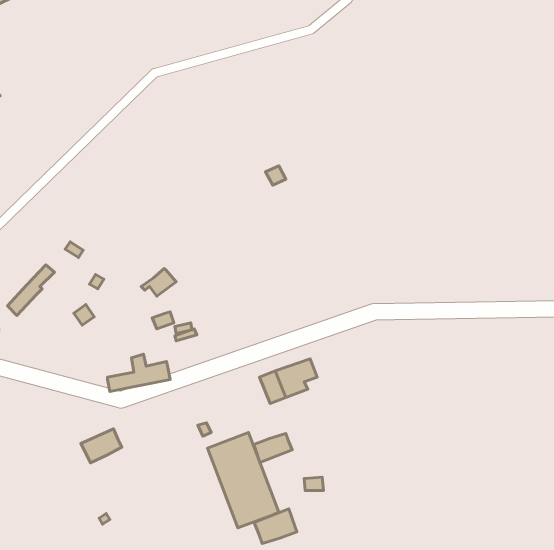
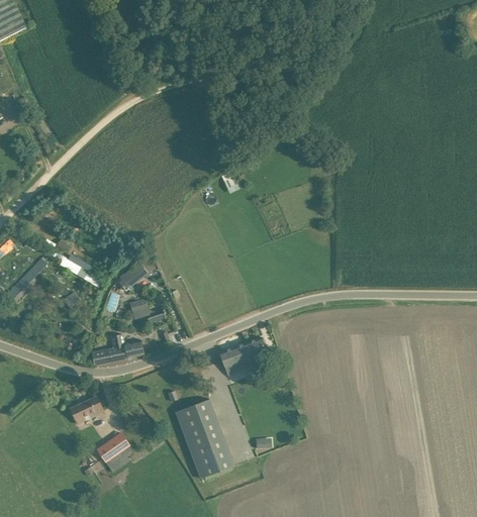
building: [254,433,292,462] -> none
building: none -> [96,437,129,472]
building: [254,509,297,544] -> none

